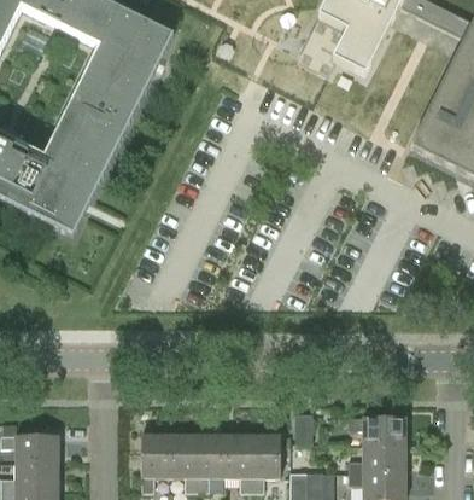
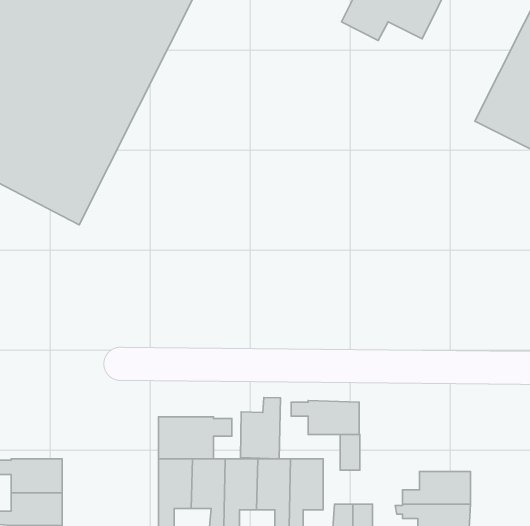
building: none -> [241,397,281,459]
building: none -> [159,417,232,459]
building: [347,415,405,444] -> [291,401,359,435]

